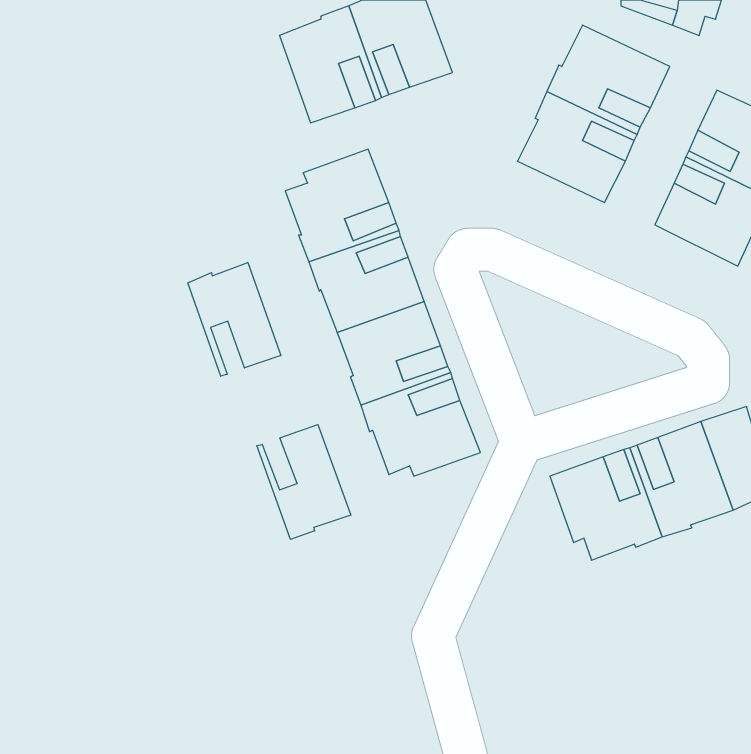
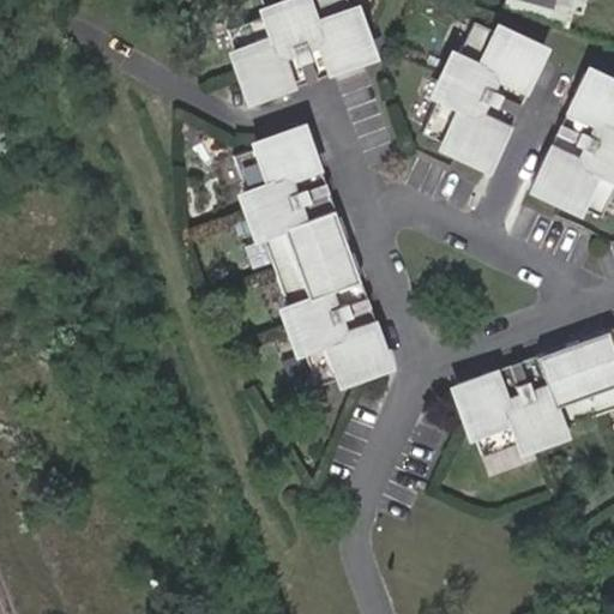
building: [188,262,281,376] -> none
building: [257,425,351,539] -> none

